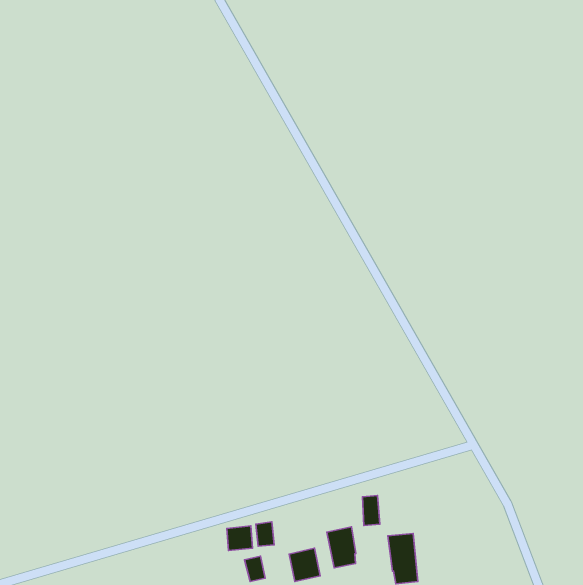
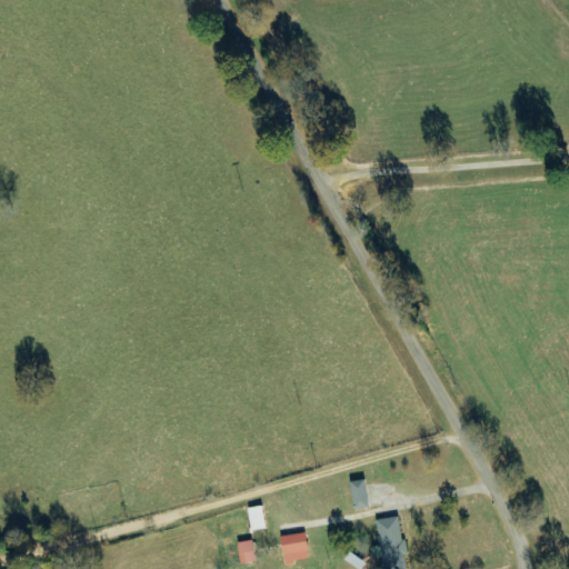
building: [227,526,253,551] -> none
building: [327,527,356,568] -> none

